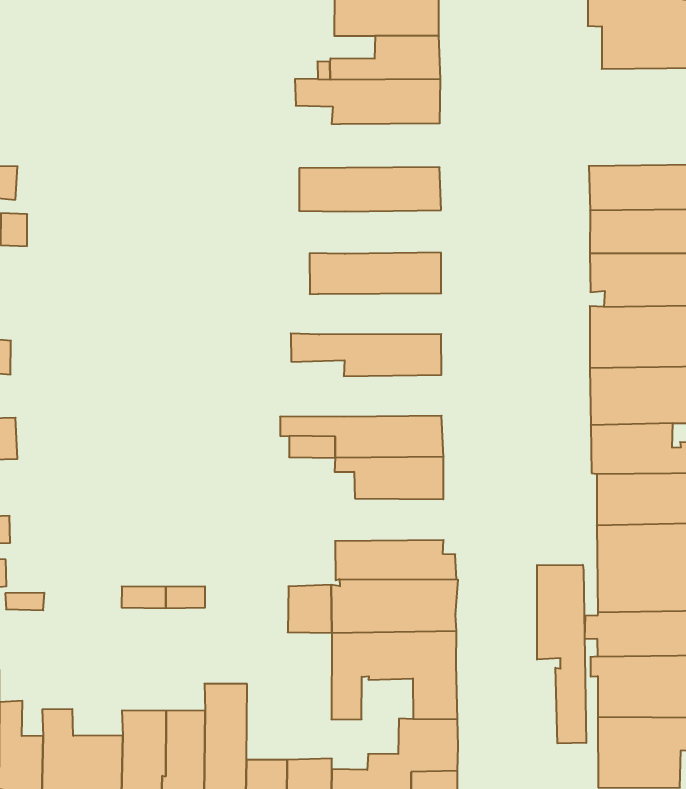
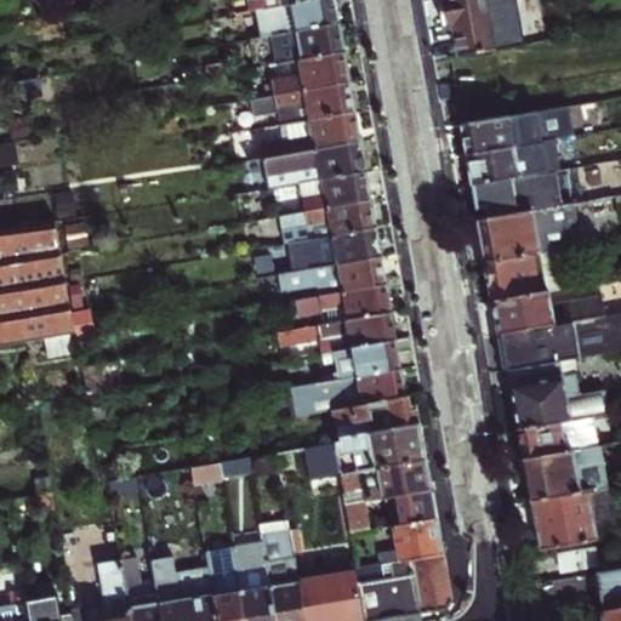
building: none -> [258,113,358,160]
building: none -> [298,172,369,213]
building: none -> [290,229,378,272]
building: none -> [292,285,388,325]
building: none -> [291,370,404,417]
building: [537,565,586,743] -> none

